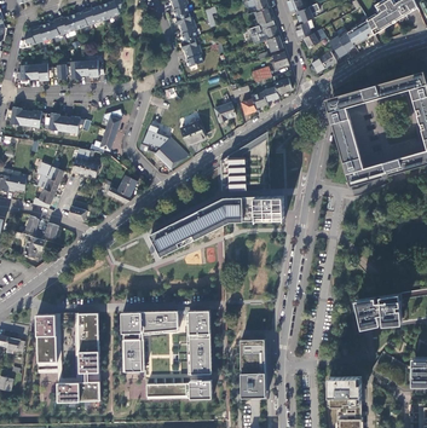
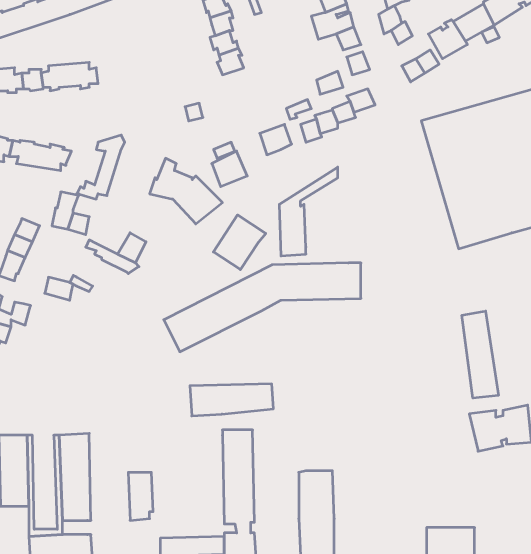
building: none -> [213,215,266,270]
building: none -> [462,311,498,398]
building: [121,311,178,332] -> [190,384,273,416]

